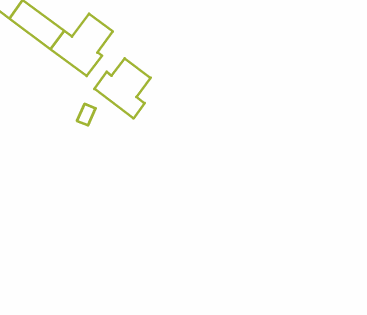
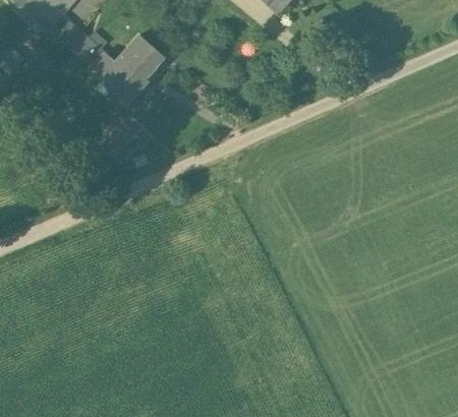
building: [94,58,151,118] -> none

